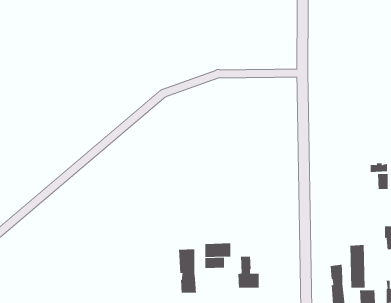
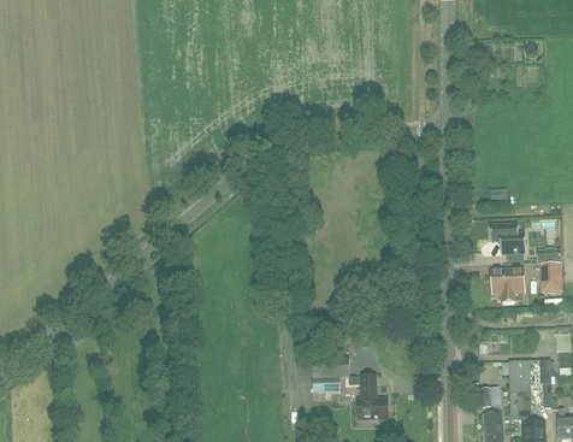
building: none -> [491,224,526,253]
building: none -> [491,269,524,301]
building: [179,248,196,293] -> none

